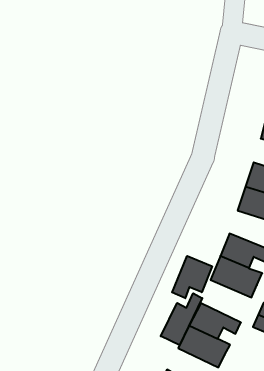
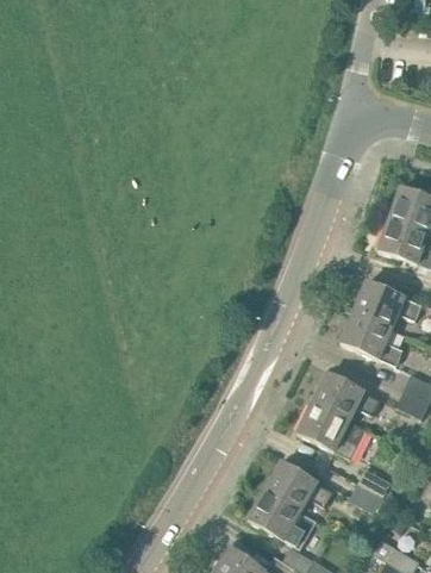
building: [172,256,212,298] -> none
building: [161,293,202,345] -> none

